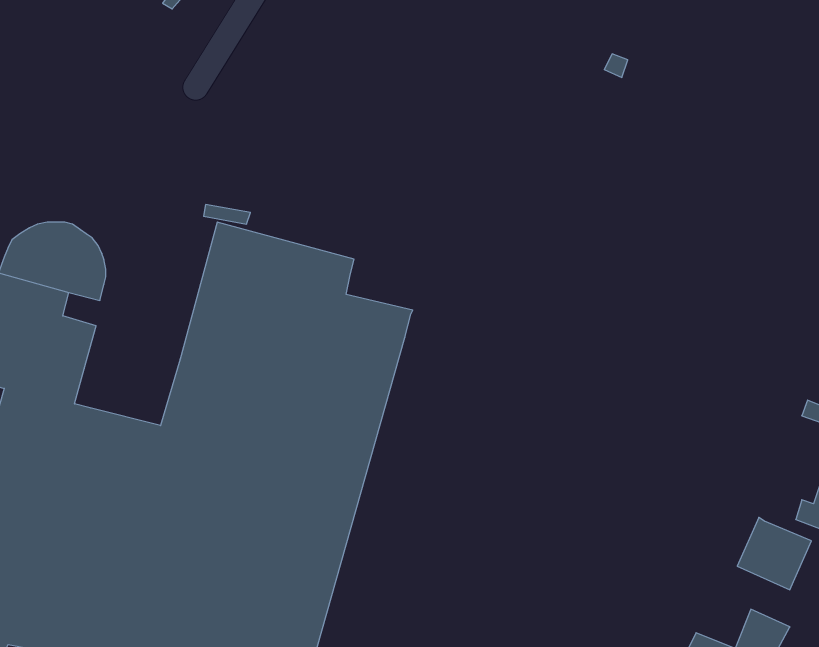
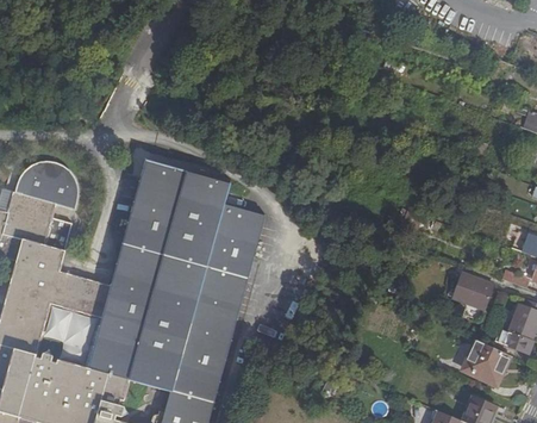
building: none -> [451,273,492,310]

